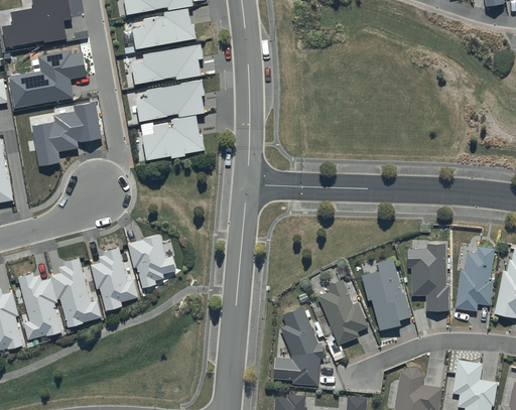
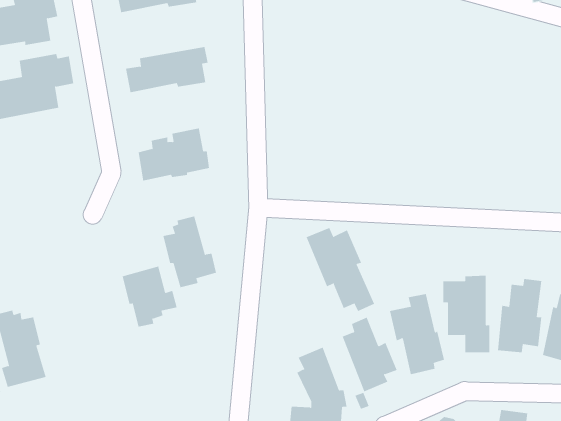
building: [132,8,197,49] -> none
building: [136,80,205,122] -> none
building: [31,102,102,166] -> none
building: none -> [306,227,375,312]
building: [91,248,138,310] -> [163,216,217,288]
building: [50,258,103,327] -> none

